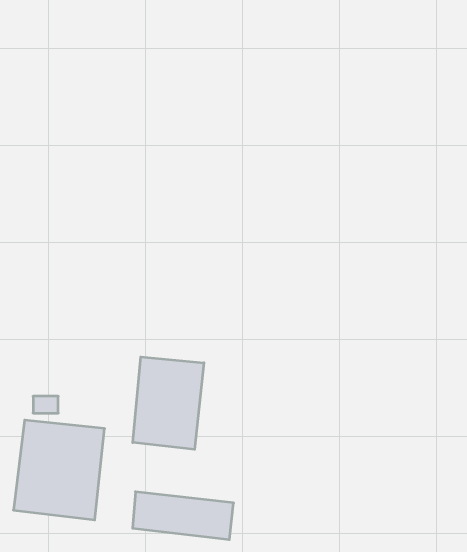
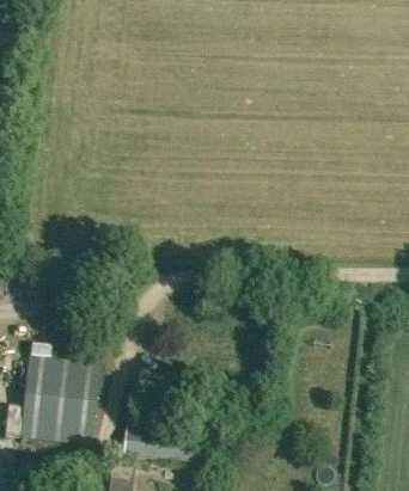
building: [133,357,204,449] -> none

